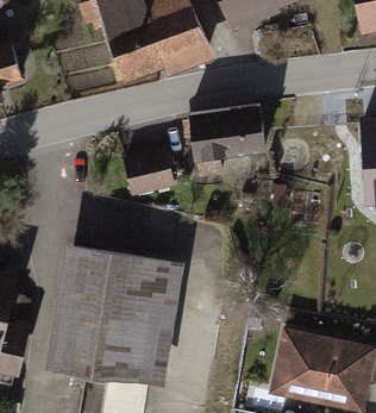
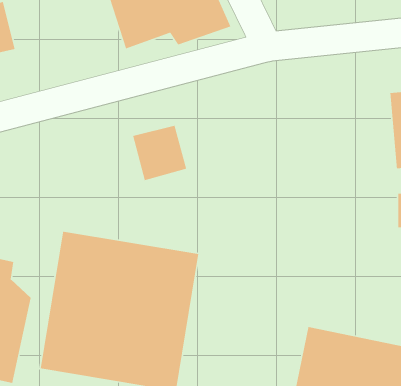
building: [184,107,263,163] -> none

